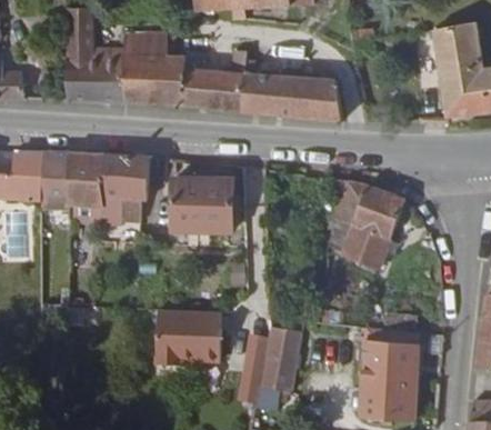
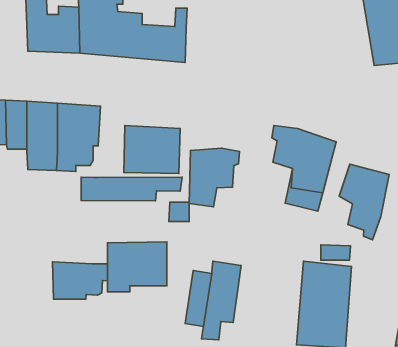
building: [239,73,340,120] -> none
building: none -> [189,148,239,207]
building: none -> [339,164,389,240]
building: none -> [81,177,182,201]
building: none -> [53,262,108,299]

